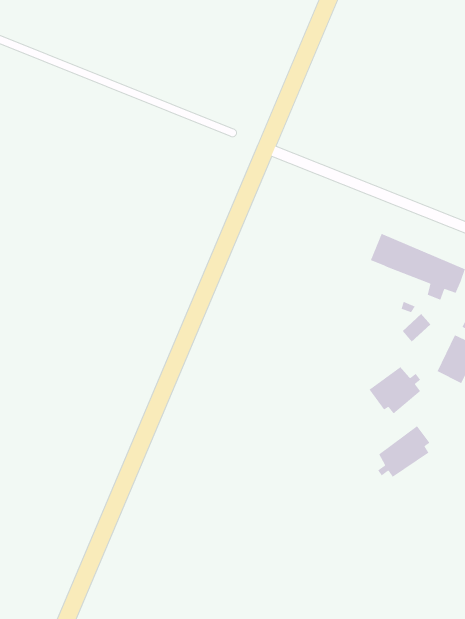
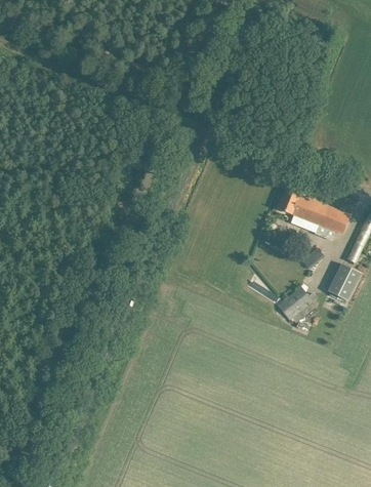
building: [377,425,430,478] -> none

